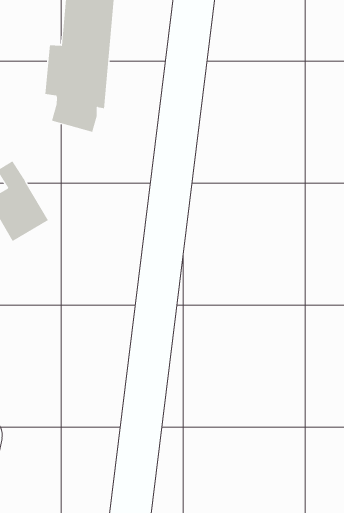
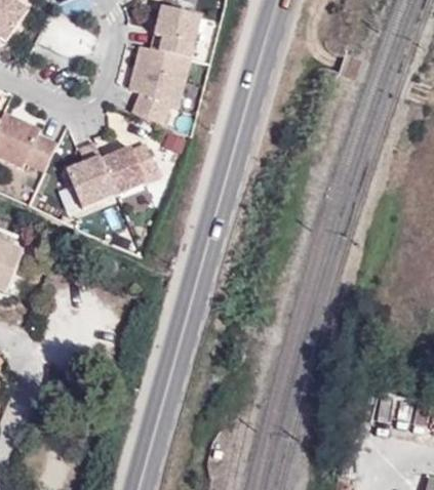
building: none -> [101,146,162,195]

